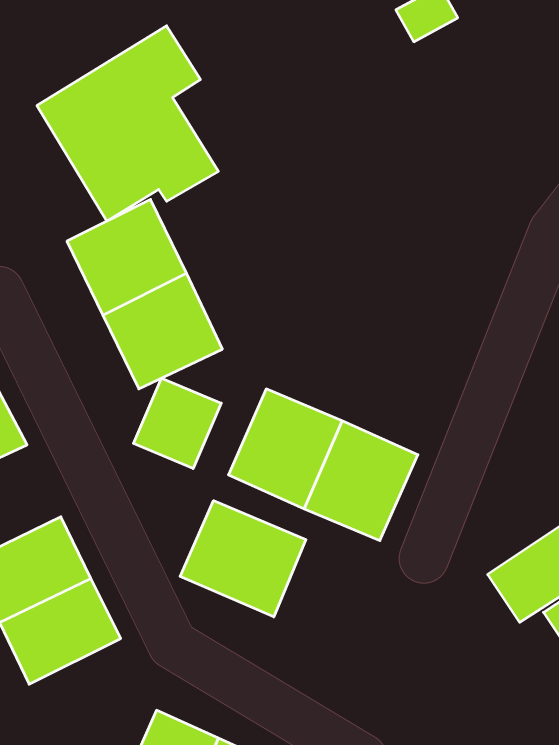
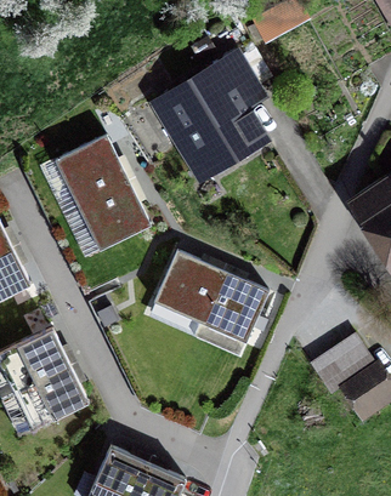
building: [37,26,218,221] -> [155,52,266,171]
building: [133,378,221,469] -> none
building: [180,501,306,617] -> none

